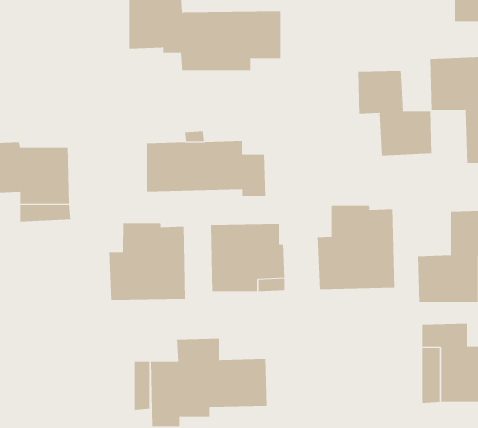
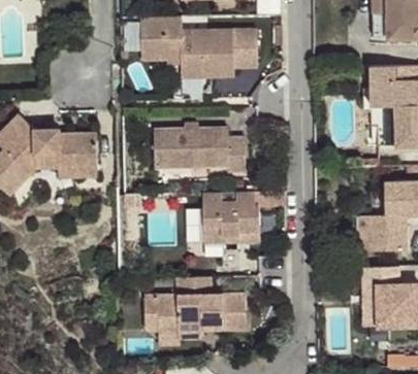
building: [358,70,432,157] -> none
building: [317,205,395,290] -> none
building: [109,222,186,301] -> none

